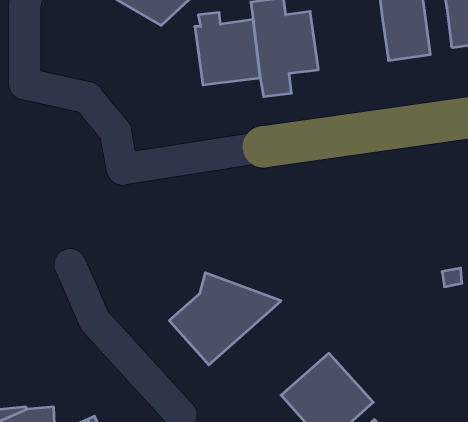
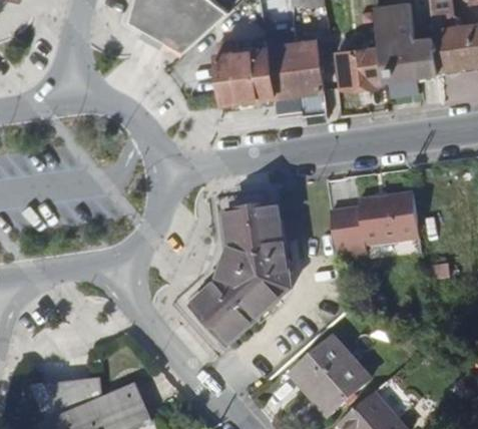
building: none -> [336,48,383,88]
building: none -> [329,191,417,258]
building: none -> [225,205,292,290]

